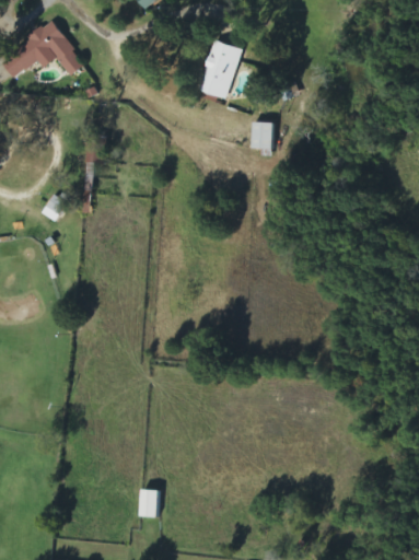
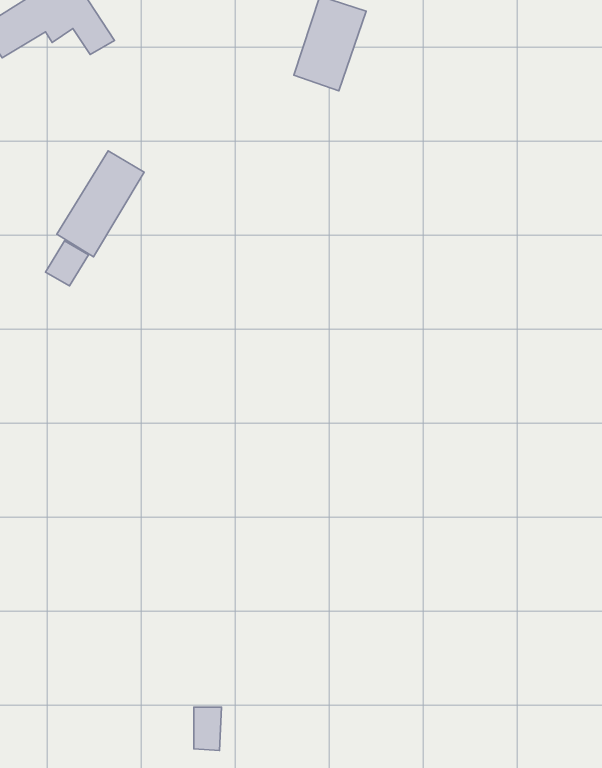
building: [254,122,275,155] -> none
building: none -> [57,151,144,257]

